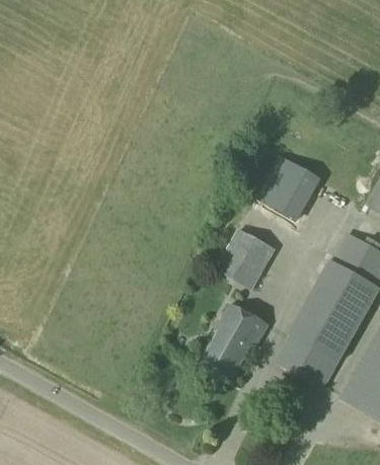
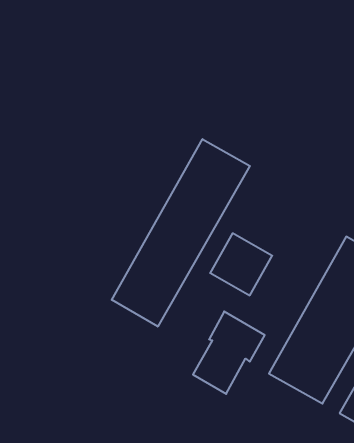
building: none -> [112,139,250,327]
building: [255,154,322,221] -> none

